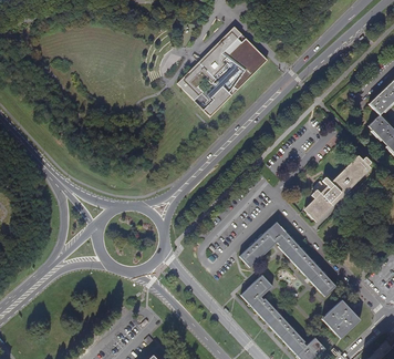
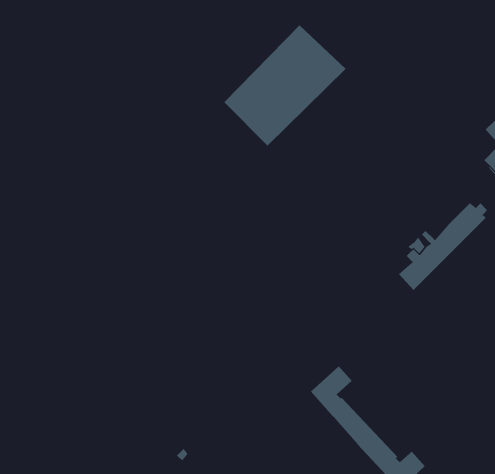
building: [239,222,336,296] -> none
building: [322,299,360,338] -> none

